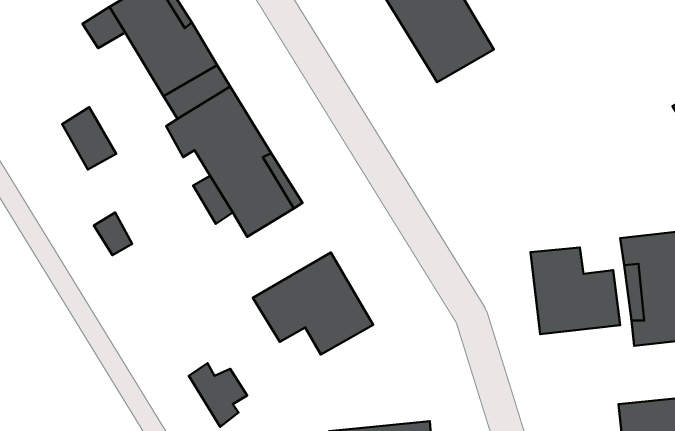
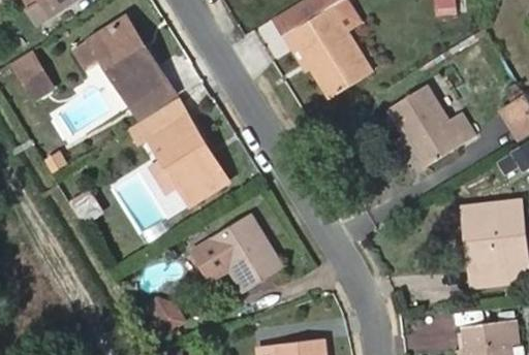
building: none -> [384,82,472,165]
building: [62,107,116,170] -> [15,50,55,95]
building: [531,247,620,334] -> none

